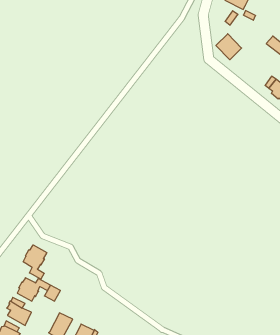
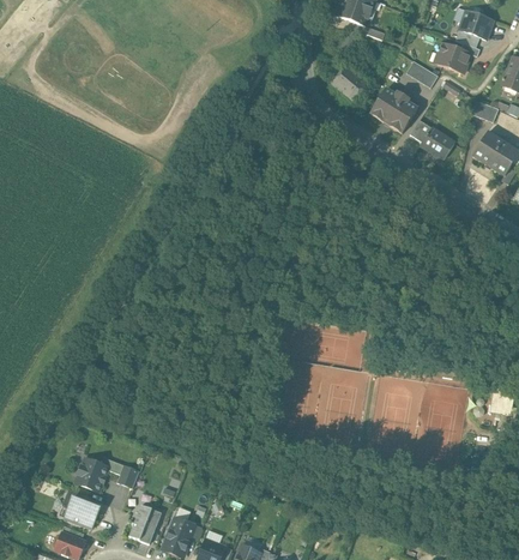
building: none -> [370,88,417,133]
building: [23,245,47,279] -> none

